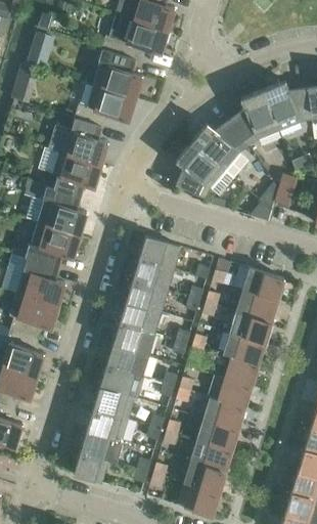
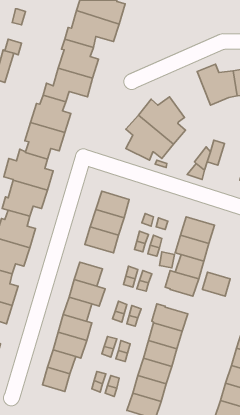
building: [228,90,278,146] -> none
building: [119,302,160,334] -> none
building: [223,357,257,387] -> [203,272,230,296]

